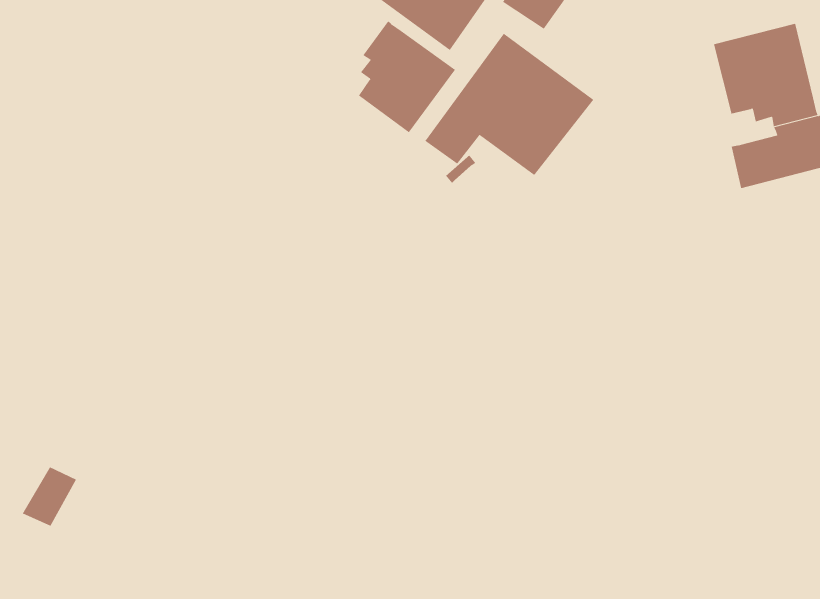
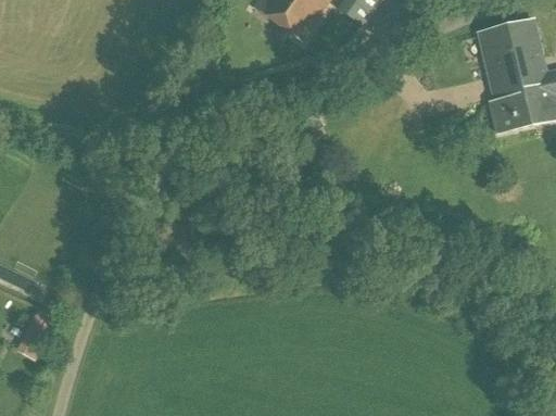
building: [358,20,456,133] -> none
building: [425,33,594,176] -> none

